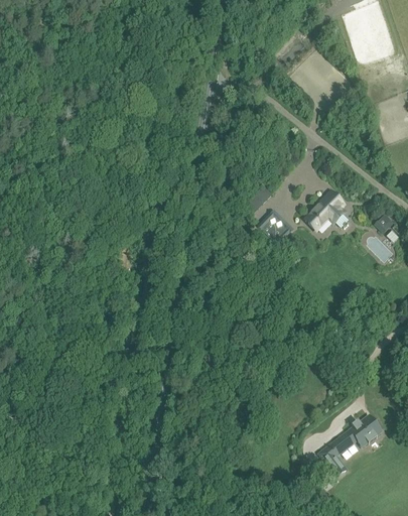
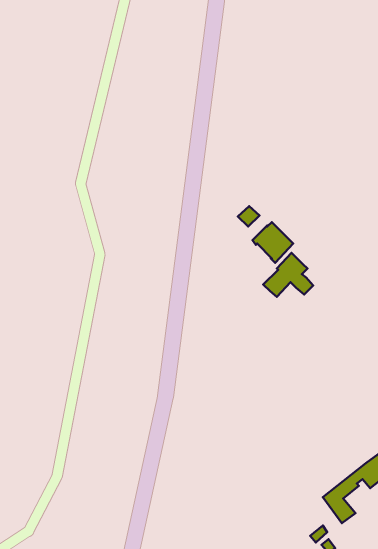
building: [306,191,351,231] -> [263,253,313,297]

